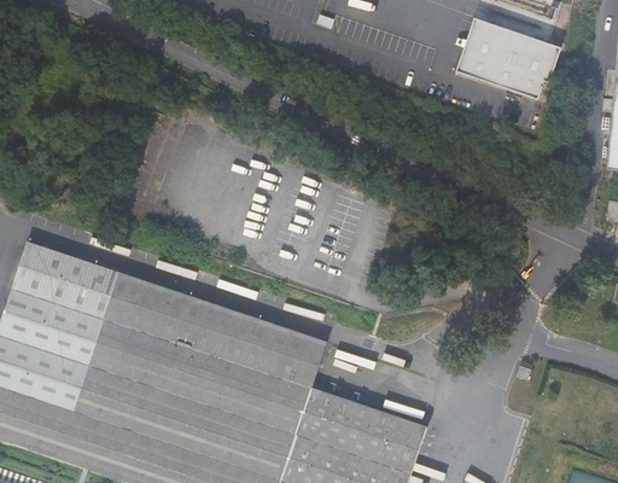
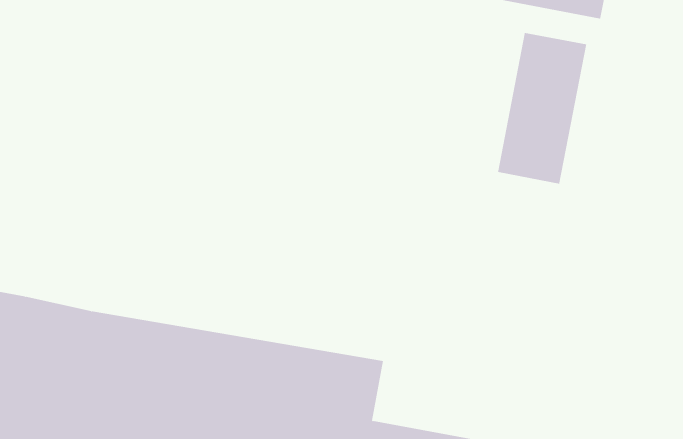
building: none -> [497,32,587,184]

